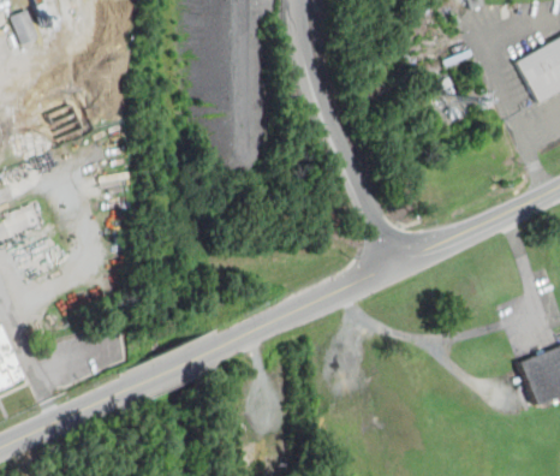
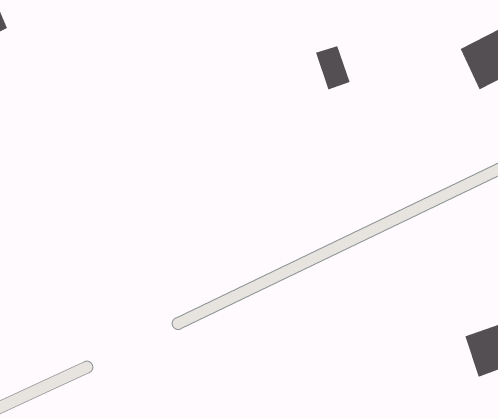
building: [430,77,467,124] -> [315,46,351,90]

